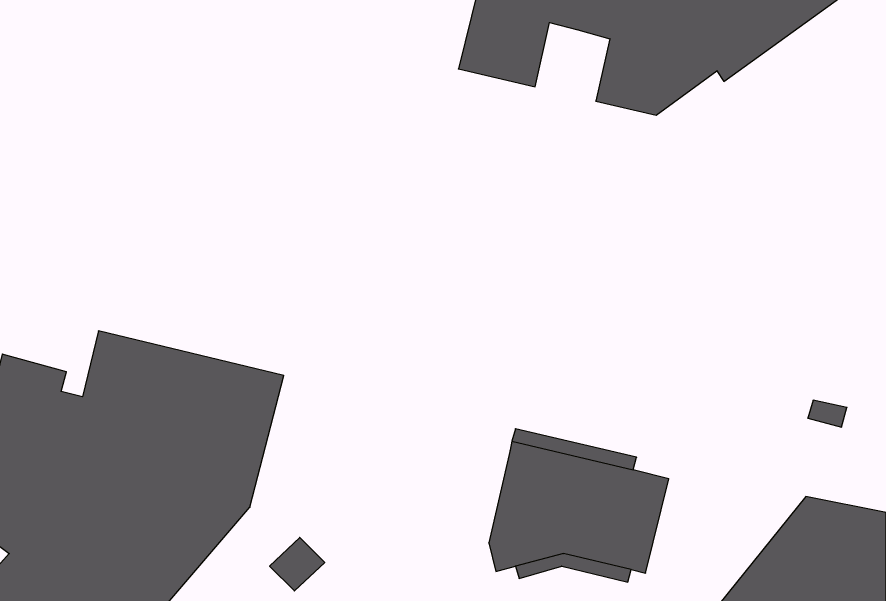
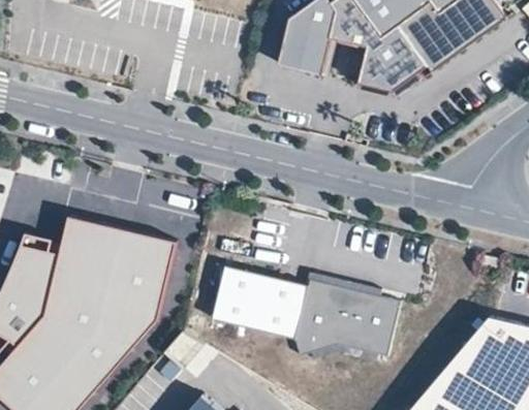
building: none -> [212,265,307,339]

